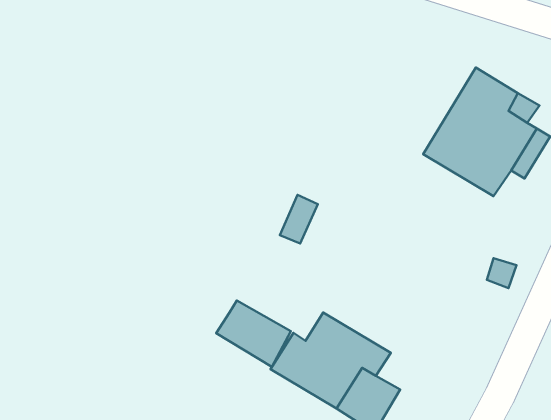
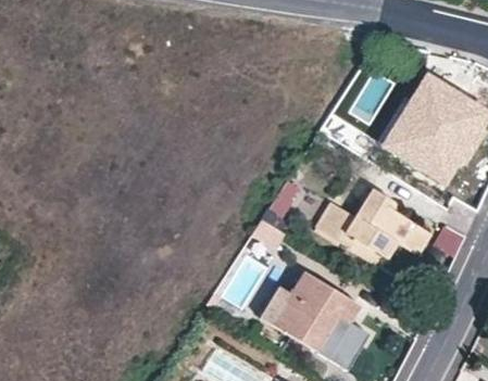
building: none -> [314,189,427,257]
building: [216,300,291,367] -> none

